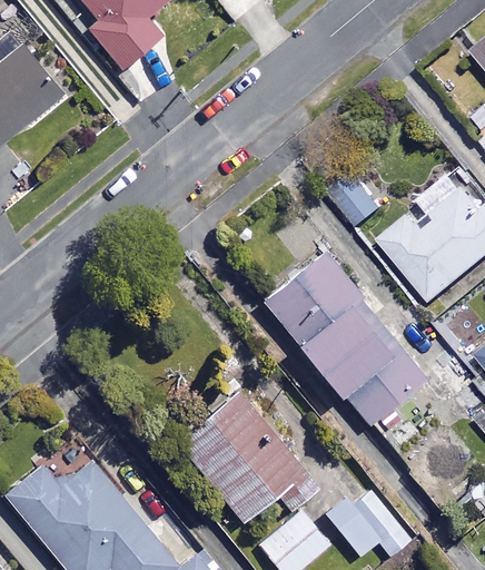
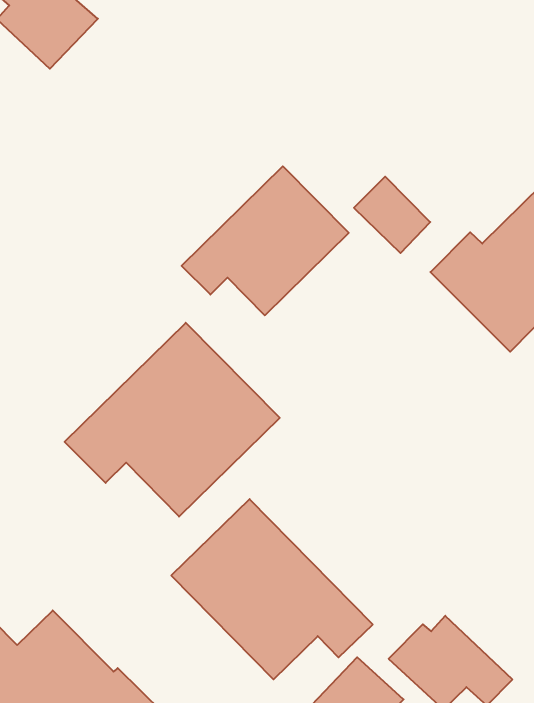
building: none -> [182,166,349,315]
building: [259,253,423,425] -> none
building: none -> [65,323,280,517]

